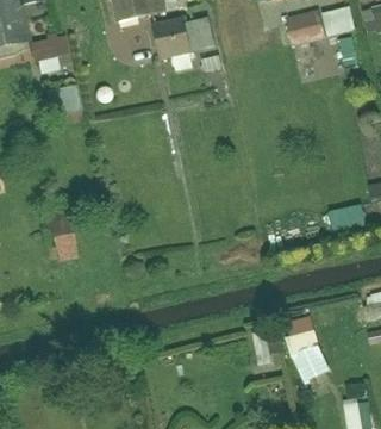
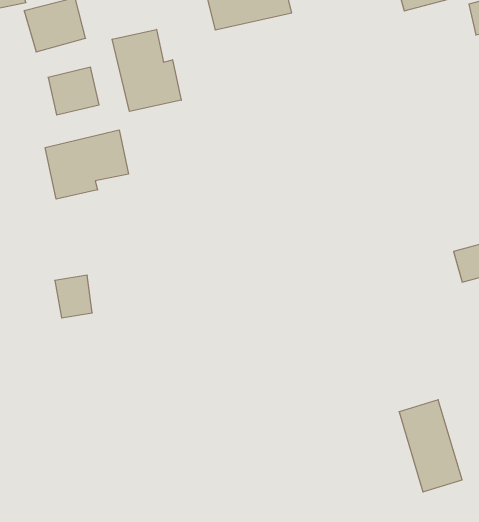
building: none -> [112,29,181,111]
building: none -> [45,130,128,199]

